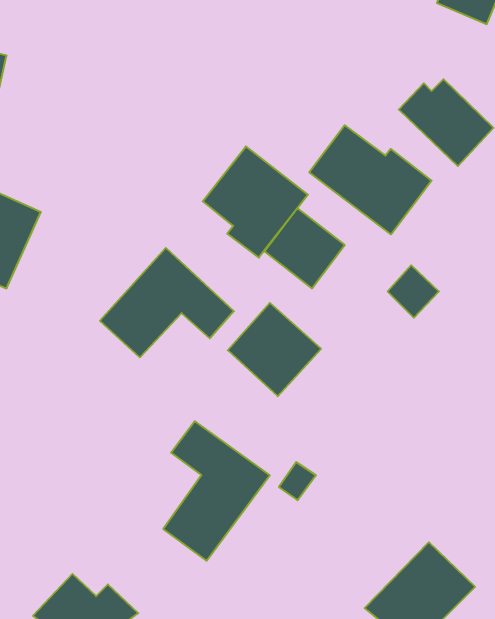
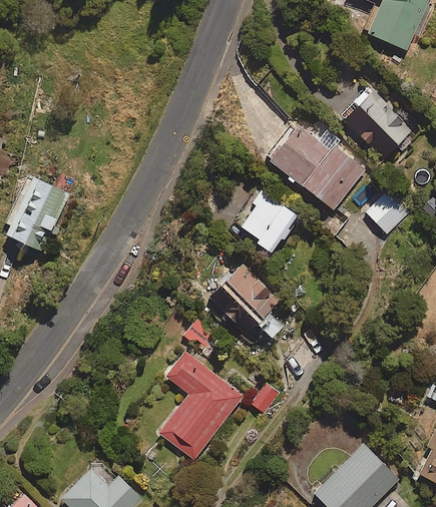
building: [203,146,308,258] -> none
building: [100,248,234,357] -> none
building: [388,265,439,318] -> [366,192,405,232]

